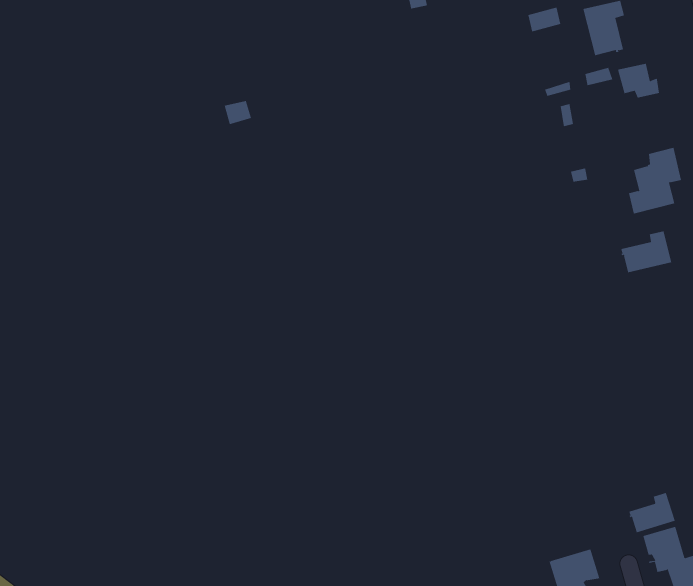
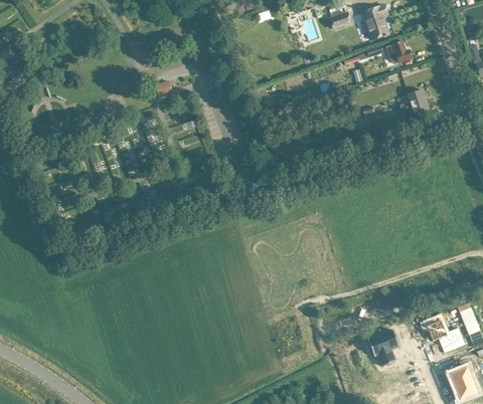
building: [620,230,672,273] -> none
building: [628,492,676,533] -> none

